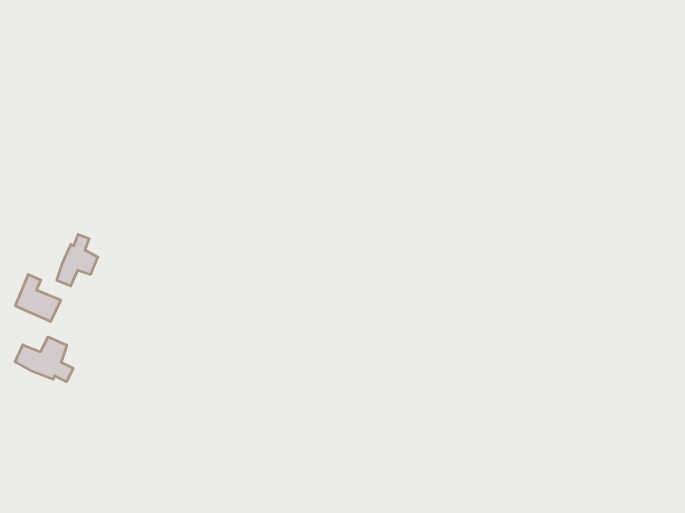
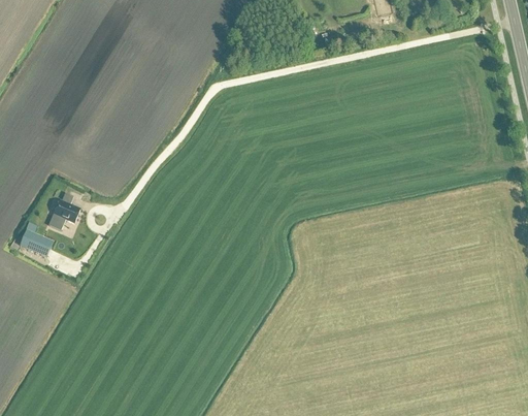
building: [15,337,73,382] -> none

